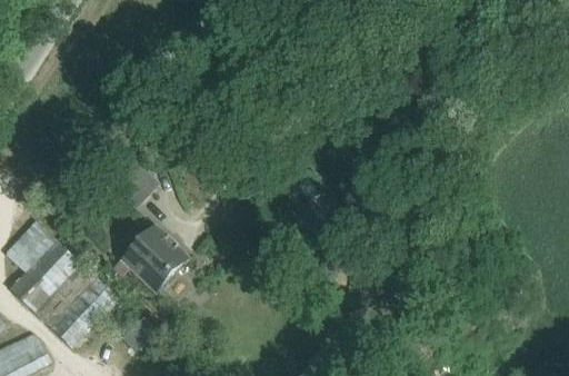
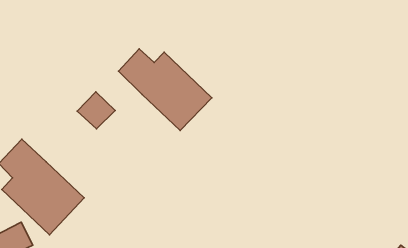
building: none -> [118,49,212,130]
building: [113,227,180,291] -> none

